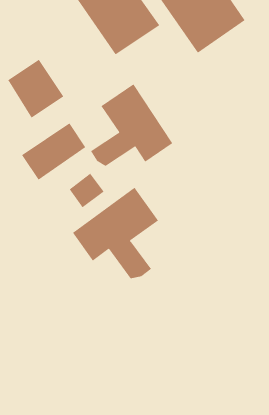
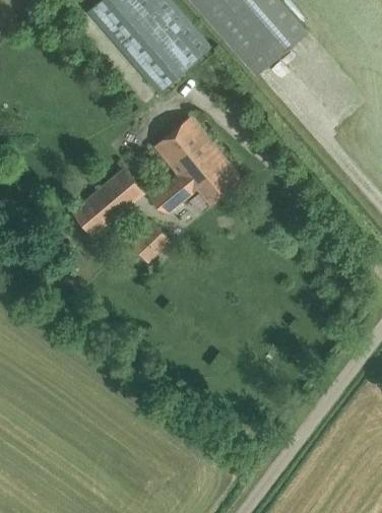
building: [8,59,64,118] -> none
building: [72,187,159,279] -> none

